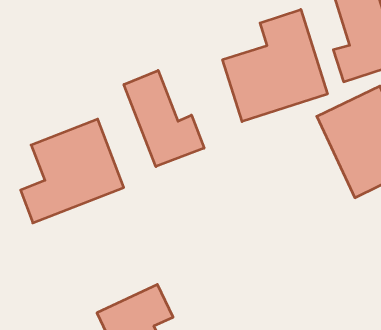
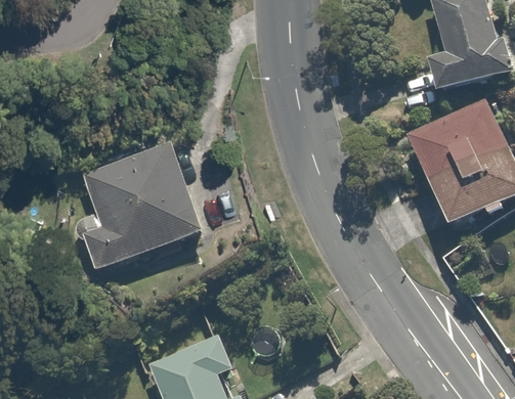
building: [223,9,327,122] -> none
building: [124,70,204,167] -> none

